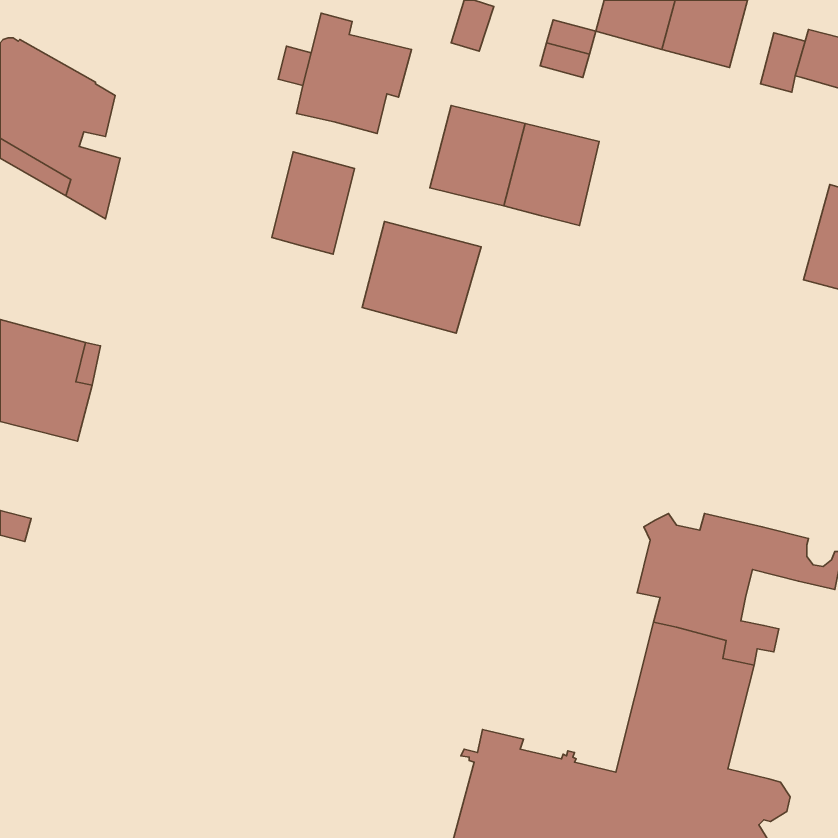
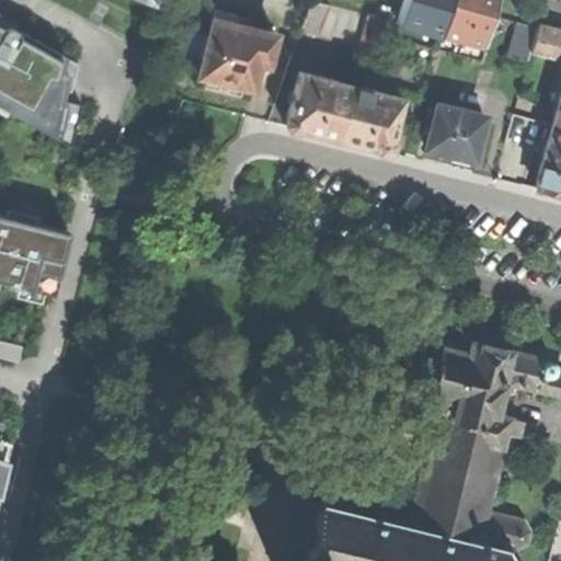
building: none -> [427,103,486,161]
building: [272,152,355,254] -> none
building: [362,222,481,333] -> none

